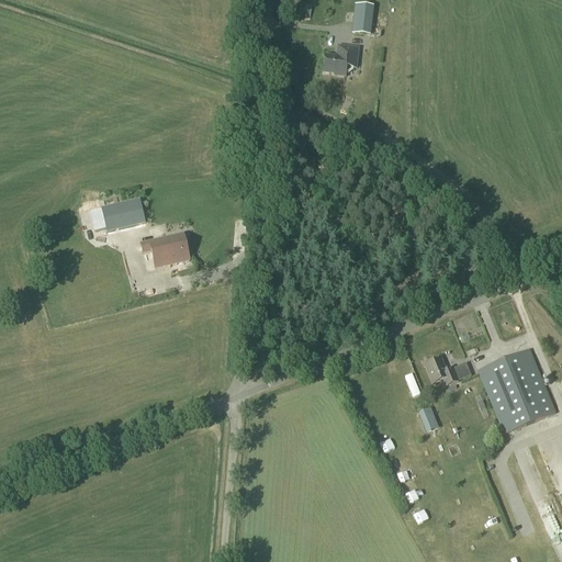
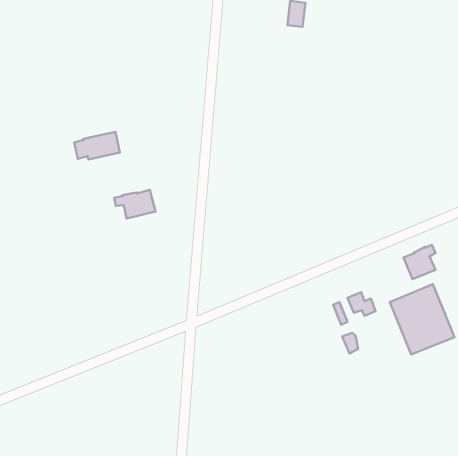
building: [324,44,358,74] -> none
building: [90,196,146,231] -> [74,132,120,160]
building: none -> [404,245,436,279]

